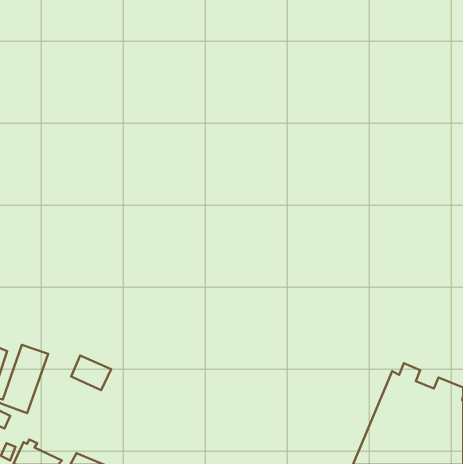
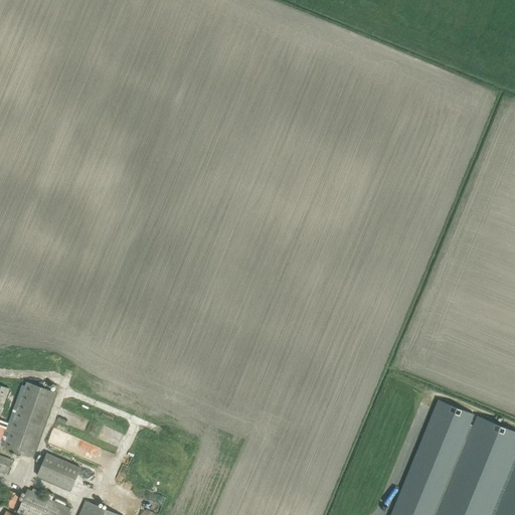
building: [71,355,111,390] -> [35,454,79,492]

